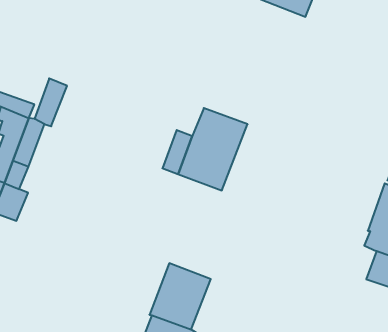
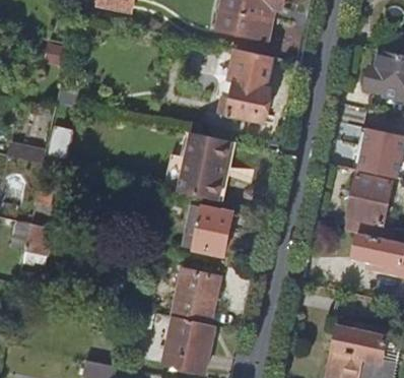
building: none -> [221,52,272,122]
building: none -> [195,206,233,255]

